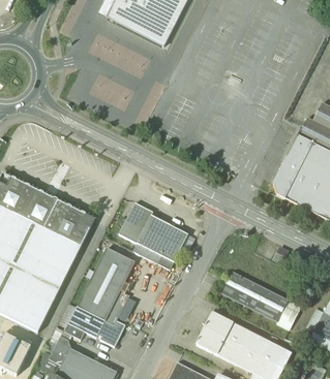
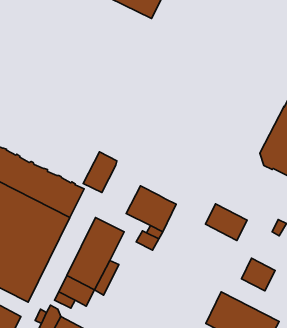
building: [118,201,152,243] -> [83,152,117,193]
building: [221,272,264,309] -> [205,204,247,240]
building: [196,312,233,354] -> none
building: [96,319,125,346] -> none

